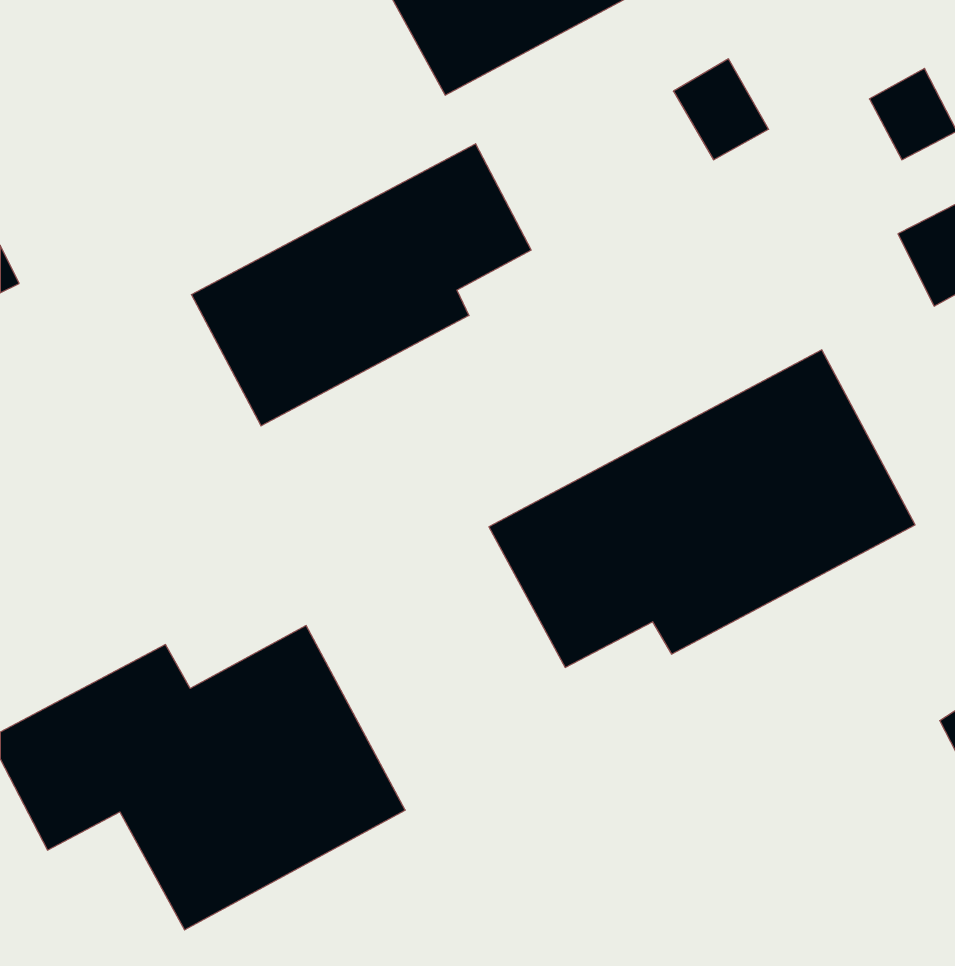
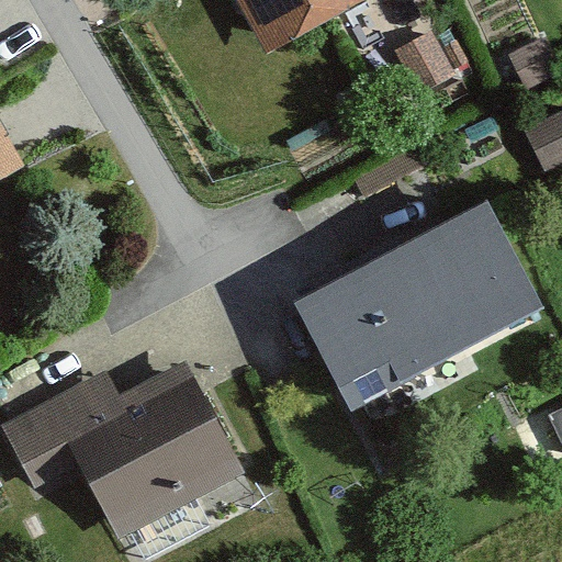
building: [191,144,531,426] -> none

